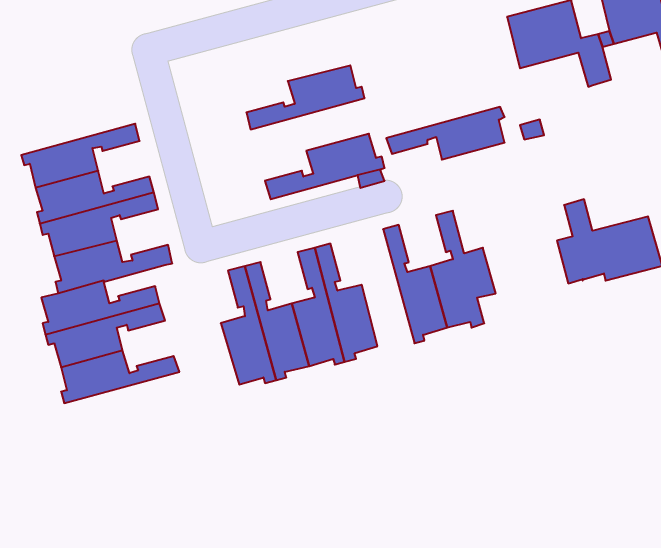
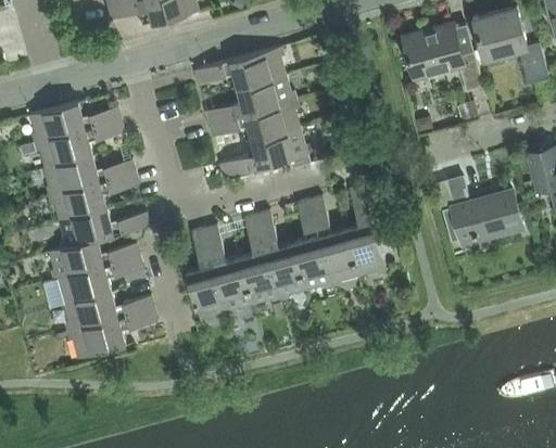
building: none -> [194,46,285,87]
building: none -> [30,102,121,143]
building: [386,107,505,160] -> [208,100,299,140]
building: none -> [293,200,333,289]
building: none -> [66,308,157,358]

